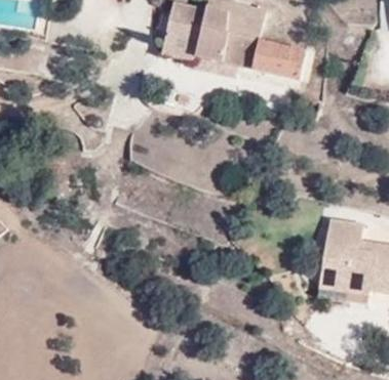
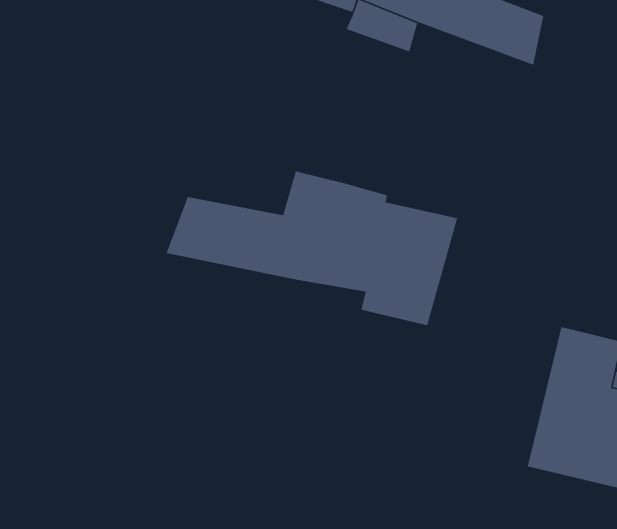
building: none -> [166,170,458,326]

